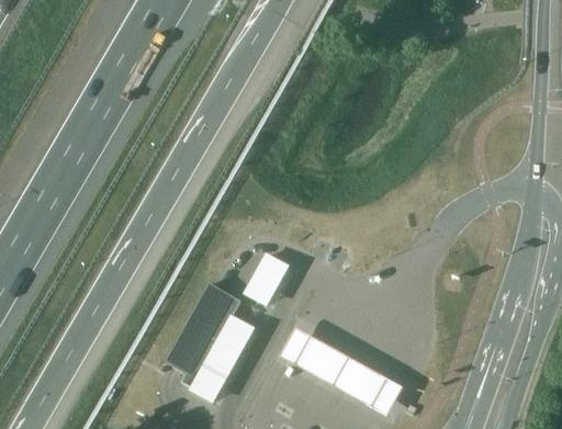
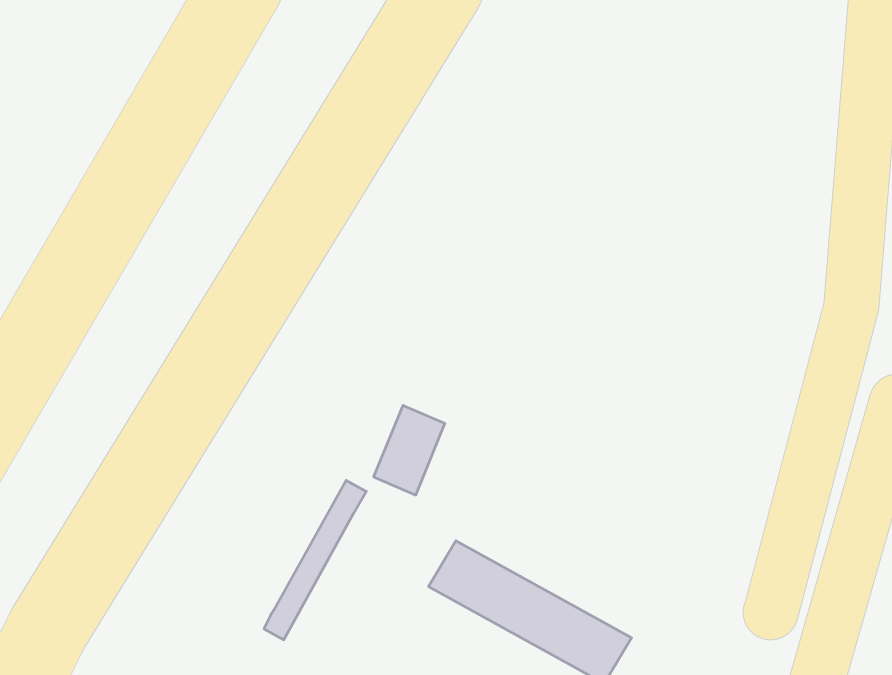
building: [167,282,231,371] -> none
building: [193,314,256,400] -> none

